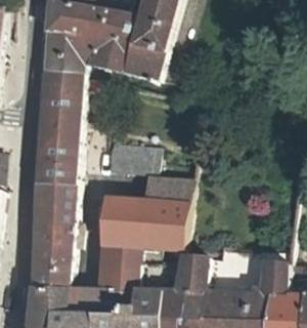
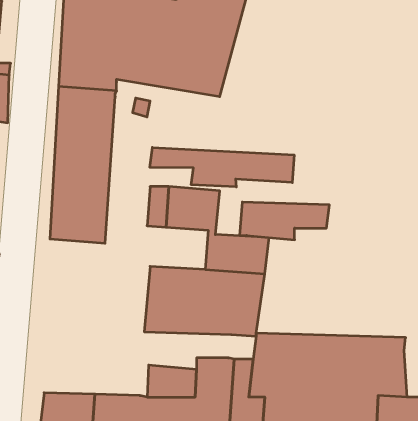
building: none -> [150,147,294,187]
building: [32,181,75,291] -> none
building: [100,247,164,274] -> [239,202,329,240]

